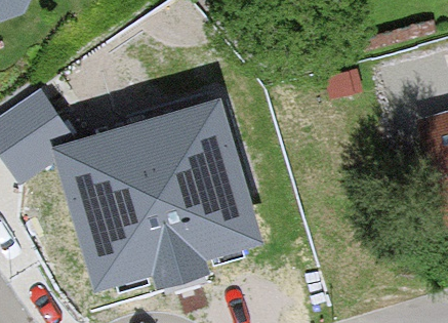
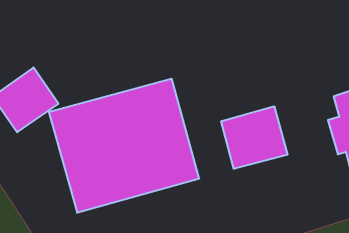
building: none -> [221,106,288,169]

